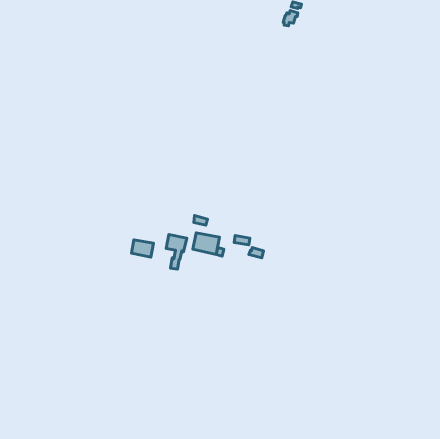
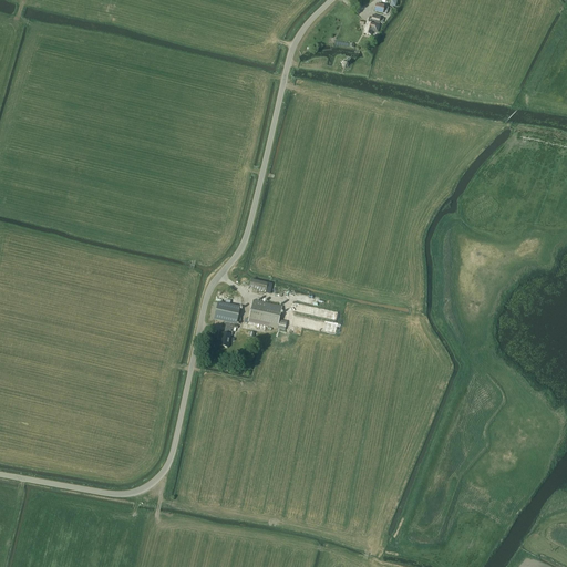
building: [131,240,154,257] -> none

